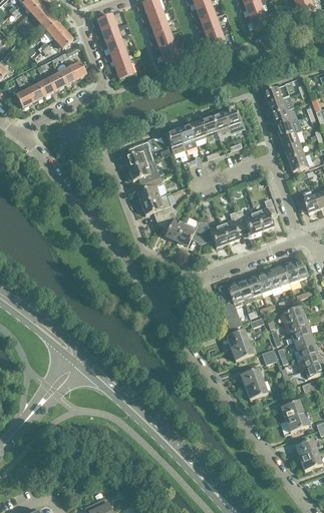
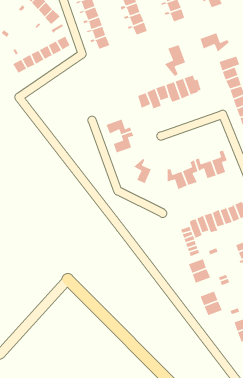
building: none -> [199,32,230,53]
building: none -> [164,44,186,77]
building: [123,141,152,168] -> none
building: [140,193,174,219] -> none
building: [176,221,202,246] -> none

